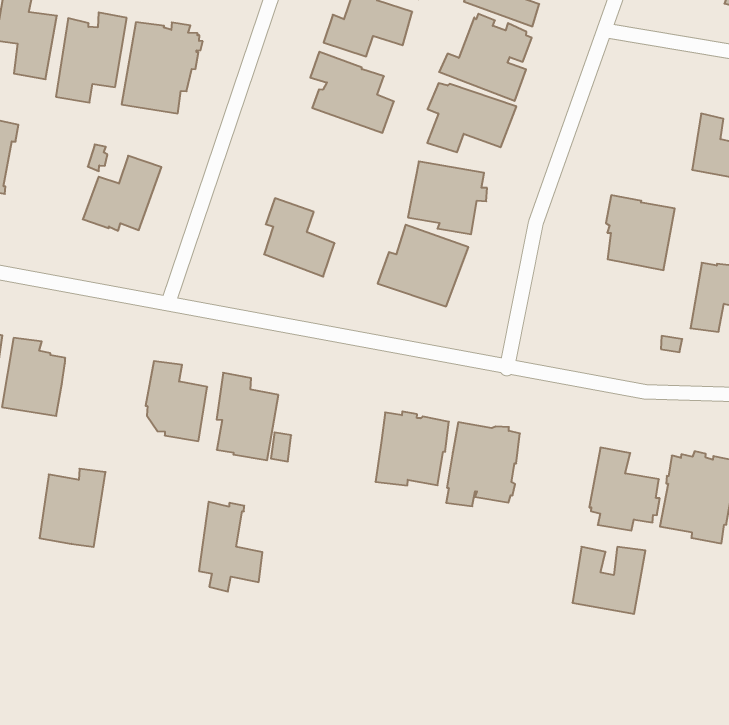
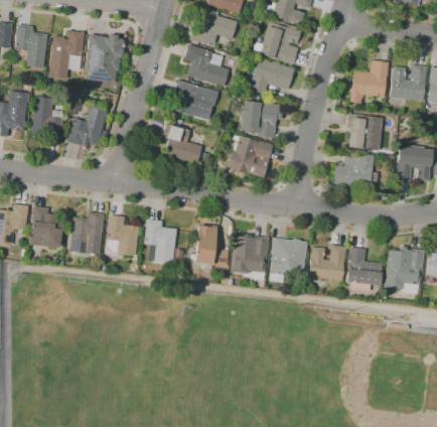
building: none -> [350,59,389,103]
building: none -> [174,80,218,120]
building: none -> [31,96,63,142]
building: none -> [333,152,379,187]
building: [39,469,106,547] -> [70,212,104,254]
building: [199,502,262,592] -> [195,225,229,272]
building: [572,547,645,614] -> [309,245,346,280]

